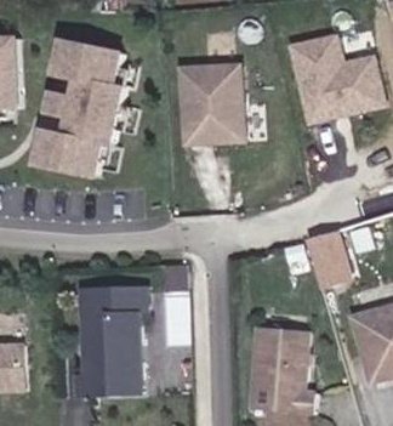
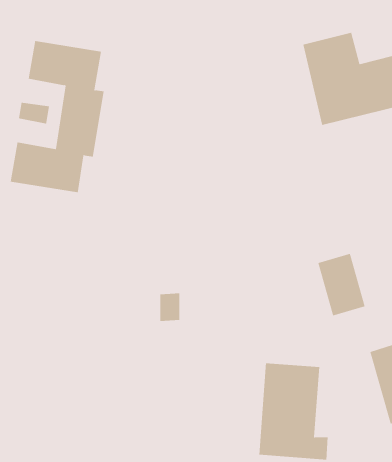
building: [181,63,243,142] -> none
building: [75,297,144,397] -> none

